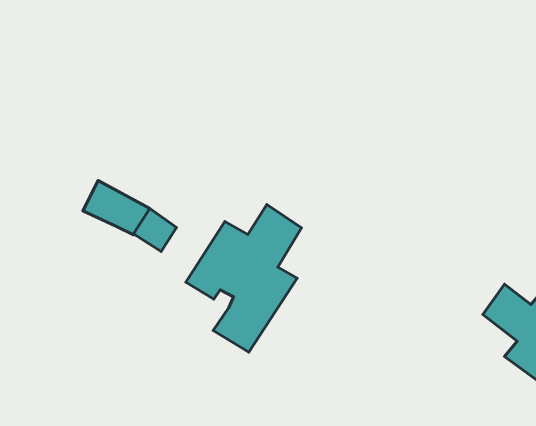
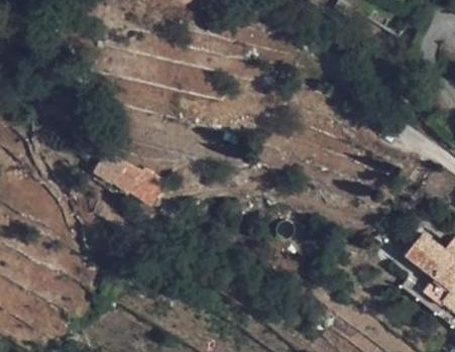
building: [186,204,302,352] -> none

